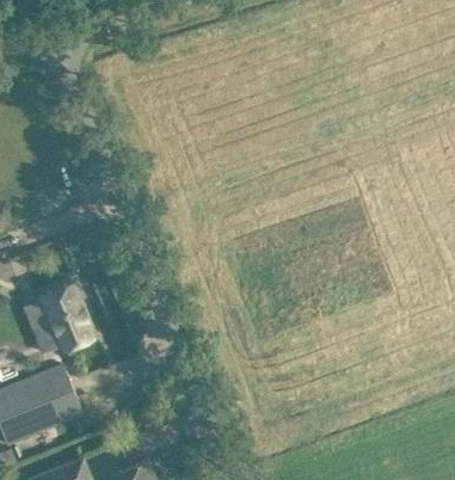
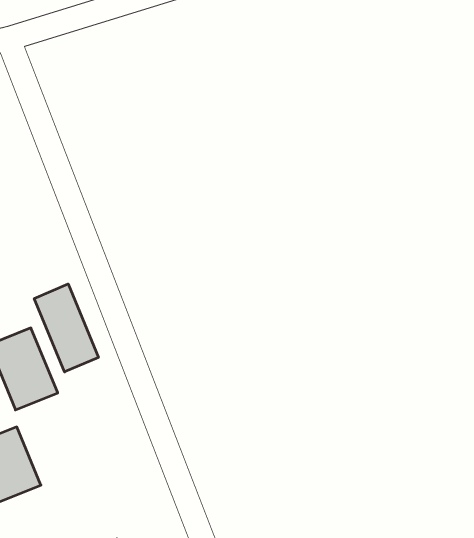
building: none -> [34,284,98,372]

